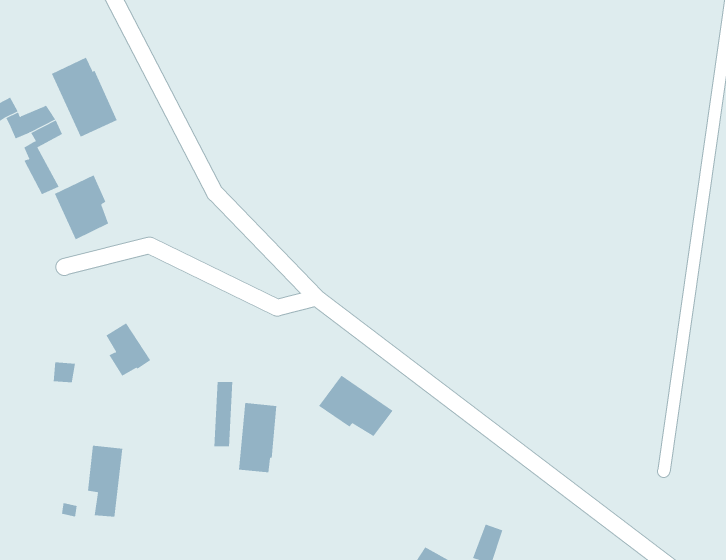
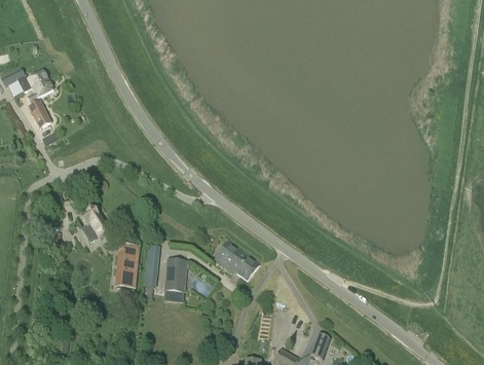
building: [51,57,118,138] -> none
building: [54,174,109,240] -> none
building: [87,445,123,517] -> [116,244,139,289]

